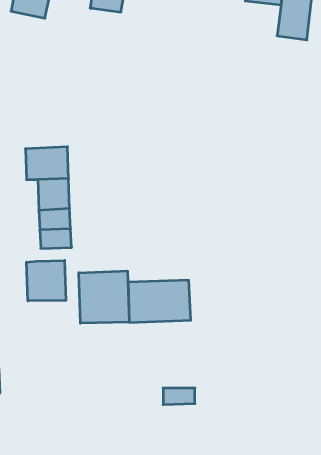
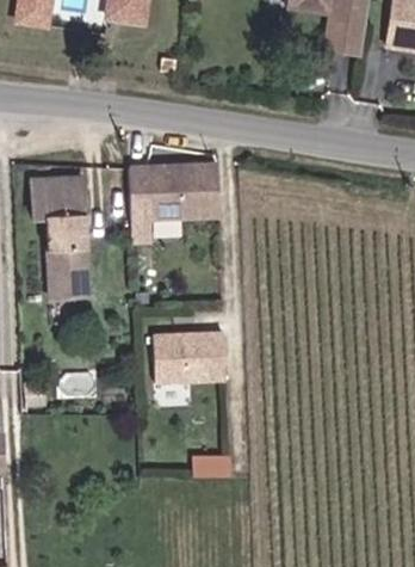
building: none -> [130,165,221,240]
building: [27,260,66,301] -> none
building: [79,271,129,323] -> none

